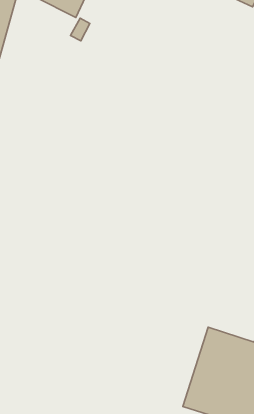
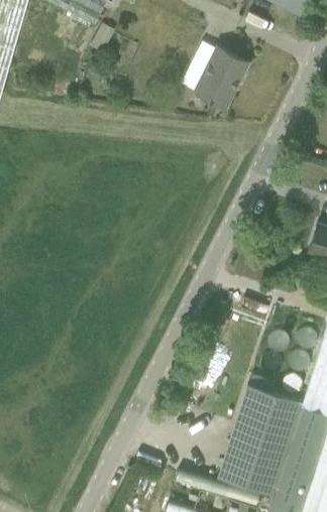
building: none -> [182,43,249,109]

